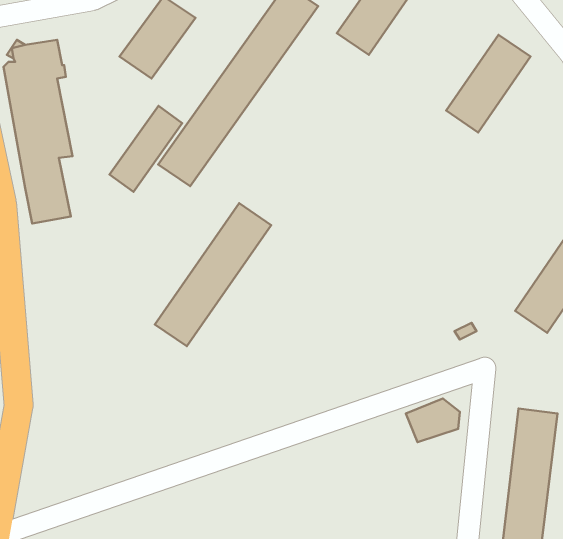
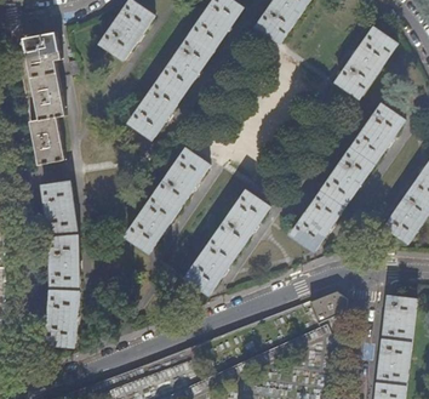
building: [110,106,182,192] -> none
building: none -> [290,106,402,251]
building: none -> [42,181,78,347]
building: none -> [184,192,268,293]

